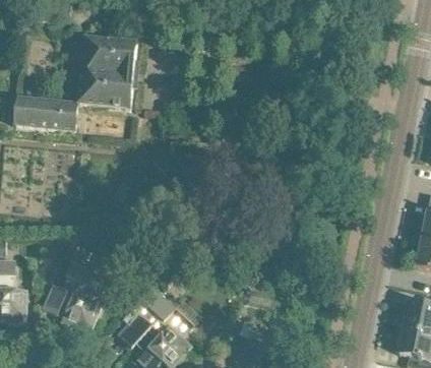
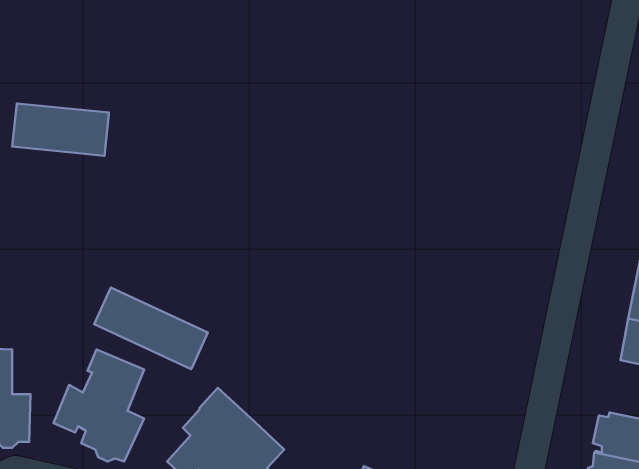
building: [77,36,136,109] -> none
building: none -> [94,287,208,369]

